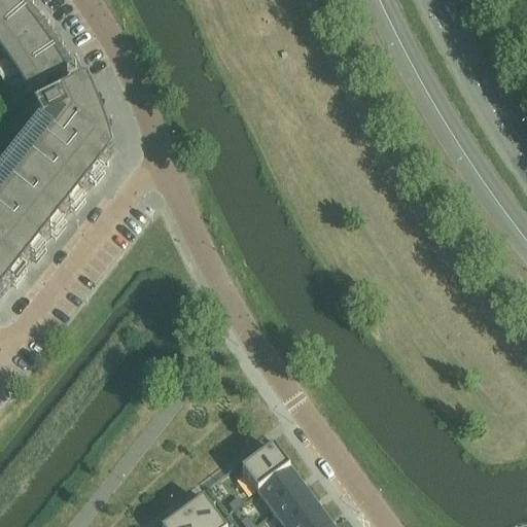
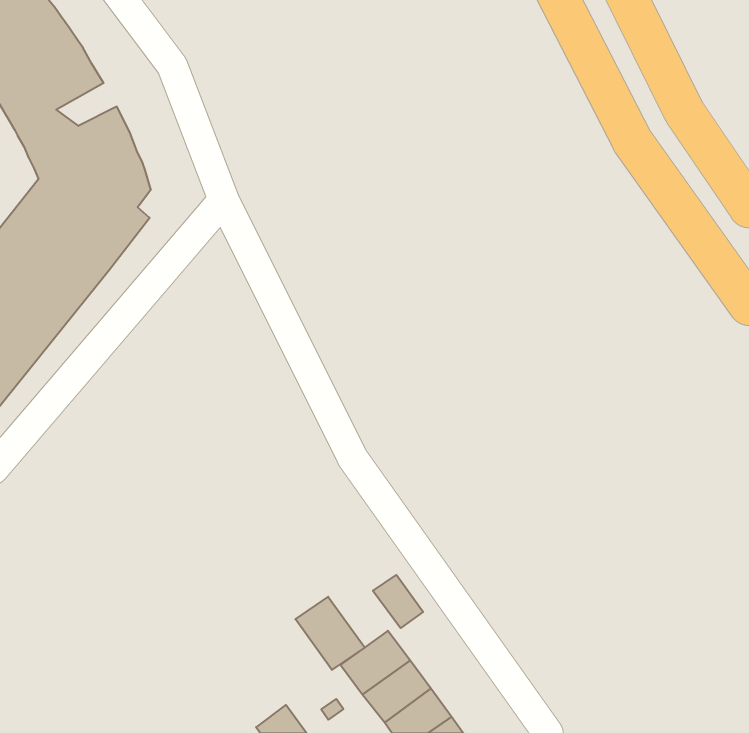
building: none -> [373,575,423,628]
building: none -> [295,597,365,670]

